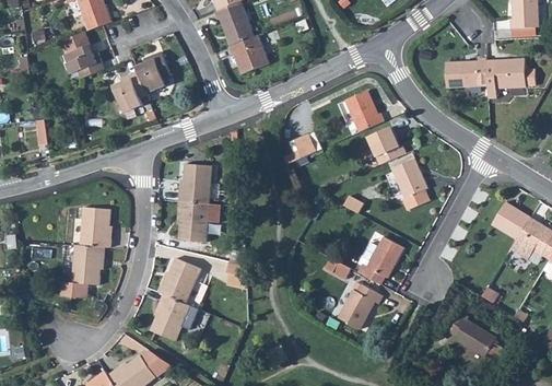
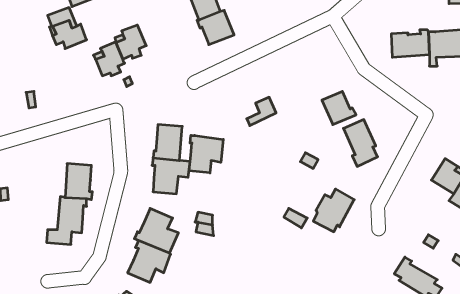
building: [345,90,384,131] -> none
building: none -> [189,135,223,173]
building: [338,281,381,328] -> none

